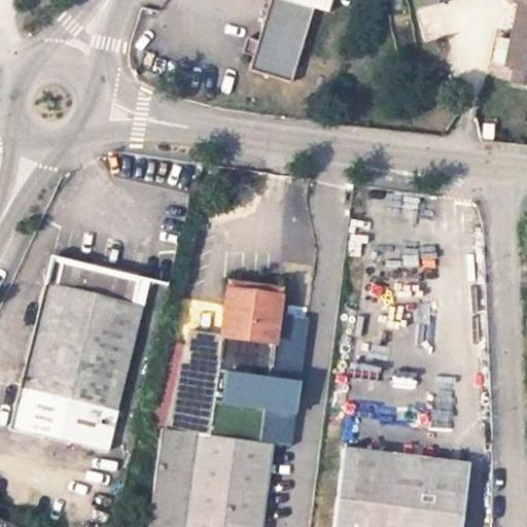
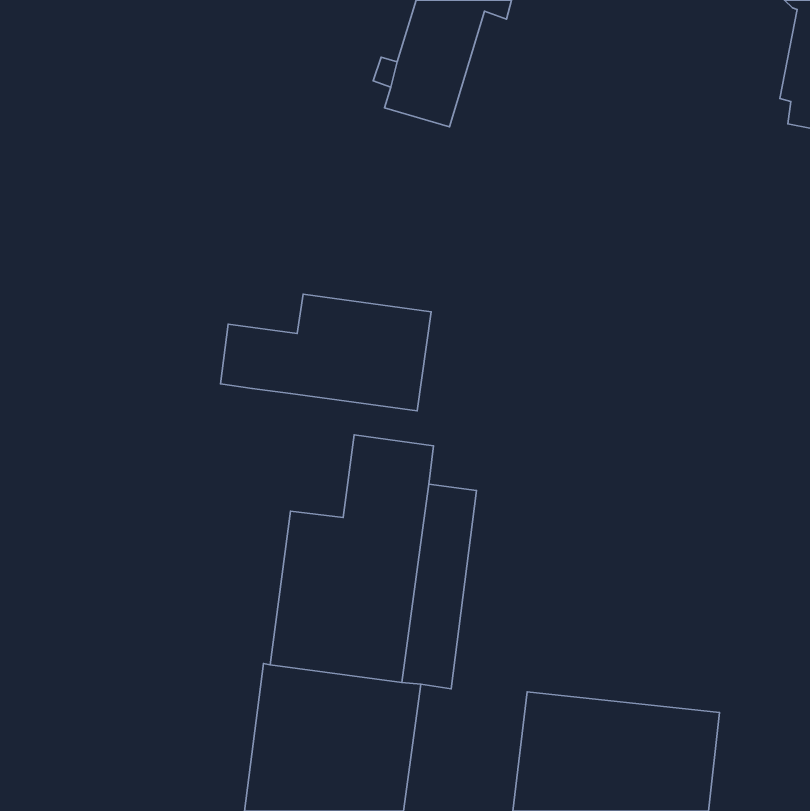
building: none -> [220,294,431,411]
building: [12,260,143,451] -> none

